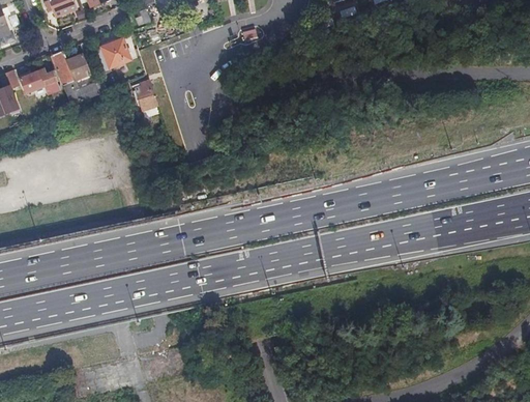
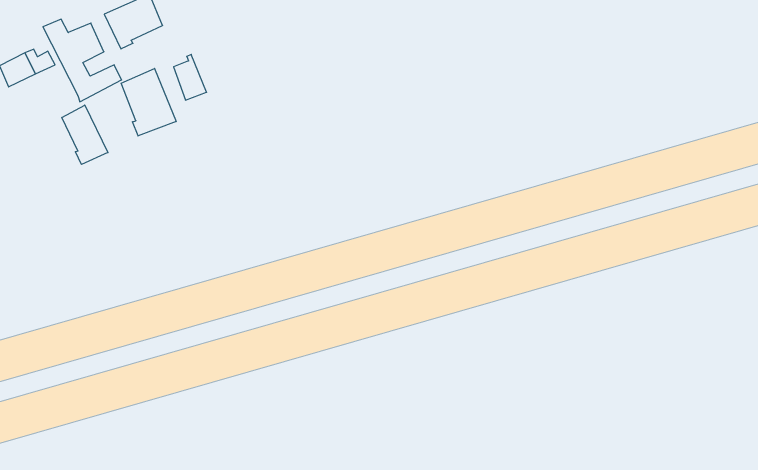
building: none -> [121,68,176,136]
building: none -> [62,105,108,164]

